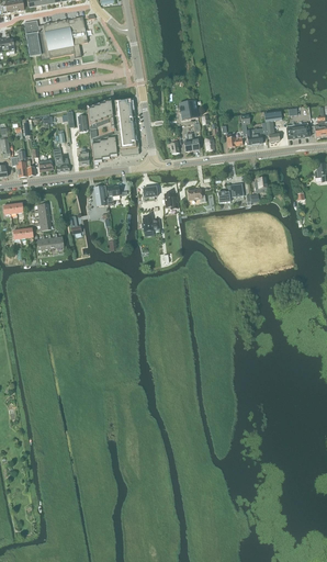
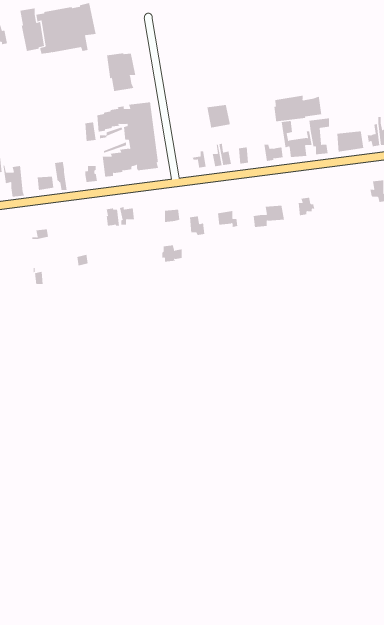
building: none -> [106,52,136,92]
building: none -> [274,95,322,122]

